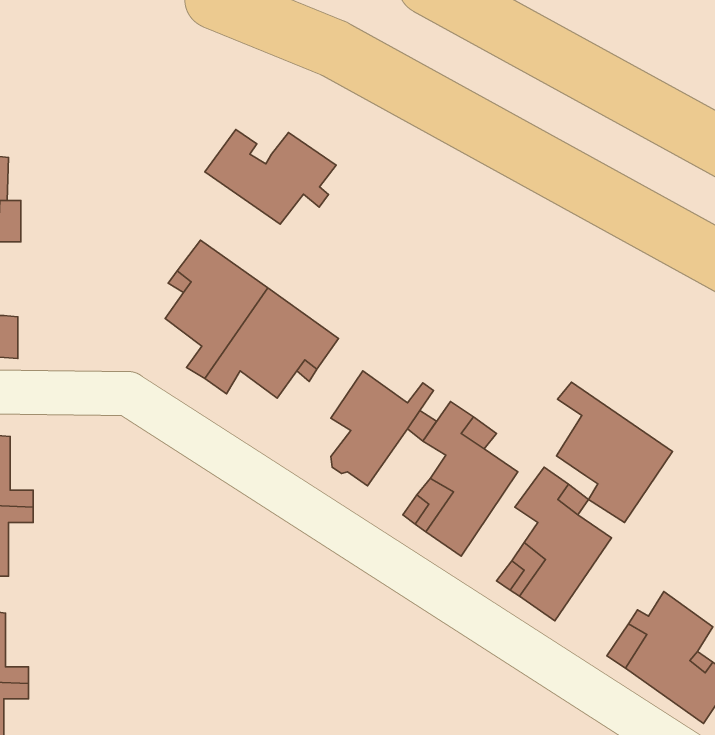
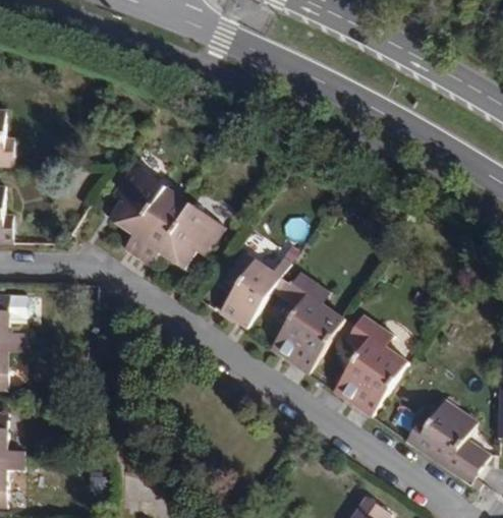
building: [205,130,336,224] -> none
building: [556,382,672,522] -> none

